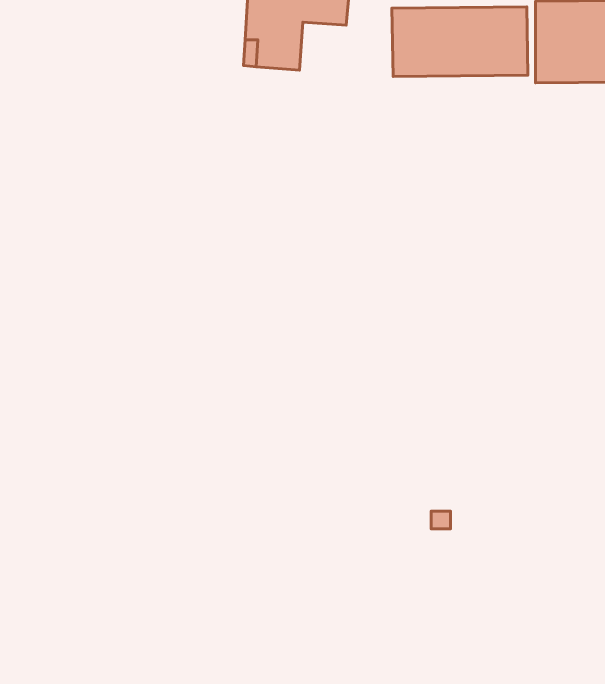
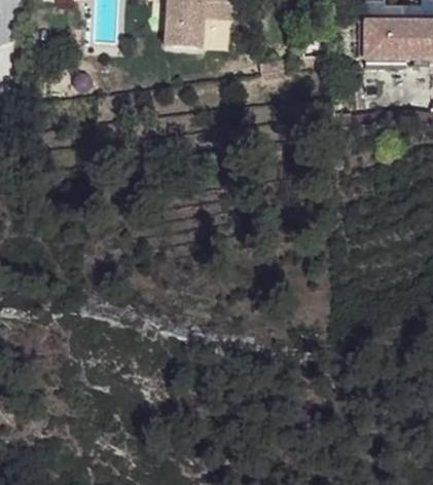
building: [392,7,528,76] -> none

